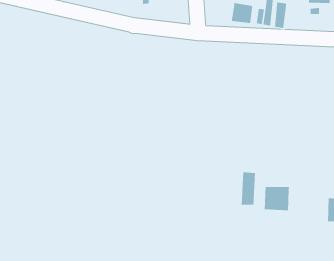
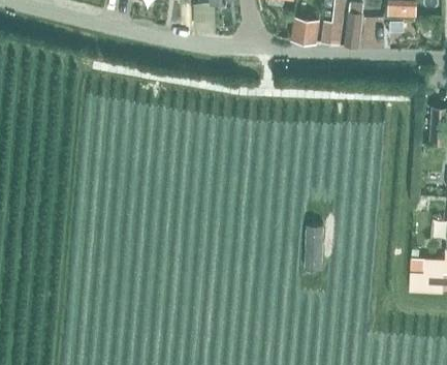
building: [264,186,290,211] -> none

